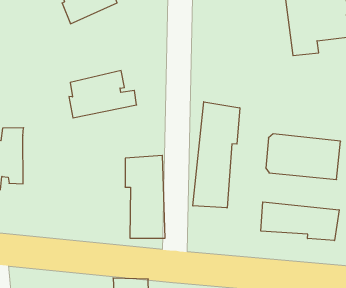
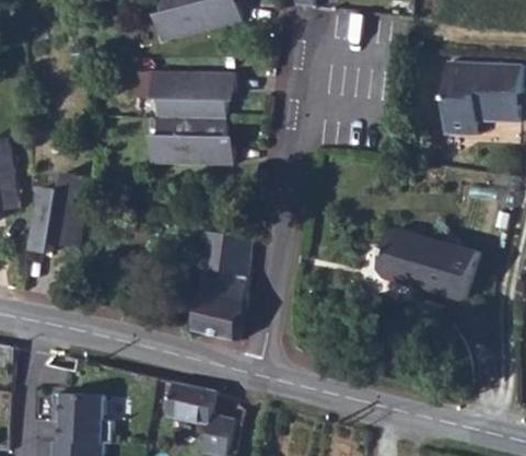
building: none -> [145,77,229,127]
building: [193,102,240,208] -> none
building: [261,202,339,241] -> none

